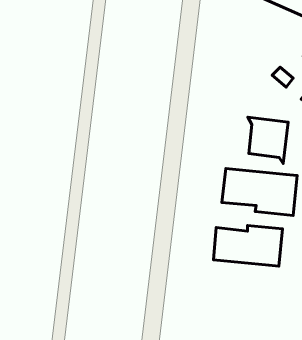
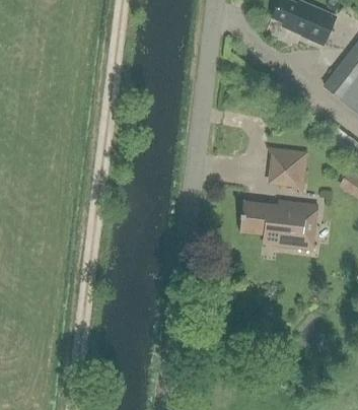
building: [214,225,283,266] -> none

